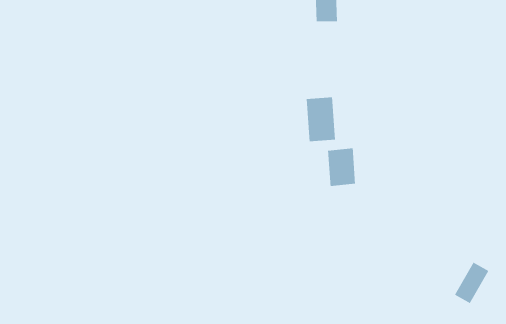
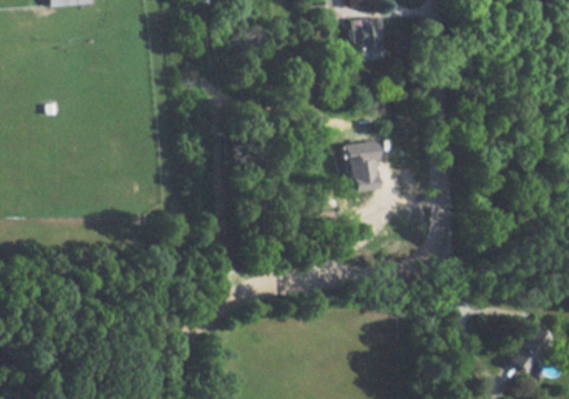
building: [328,147,356,187] -> none

